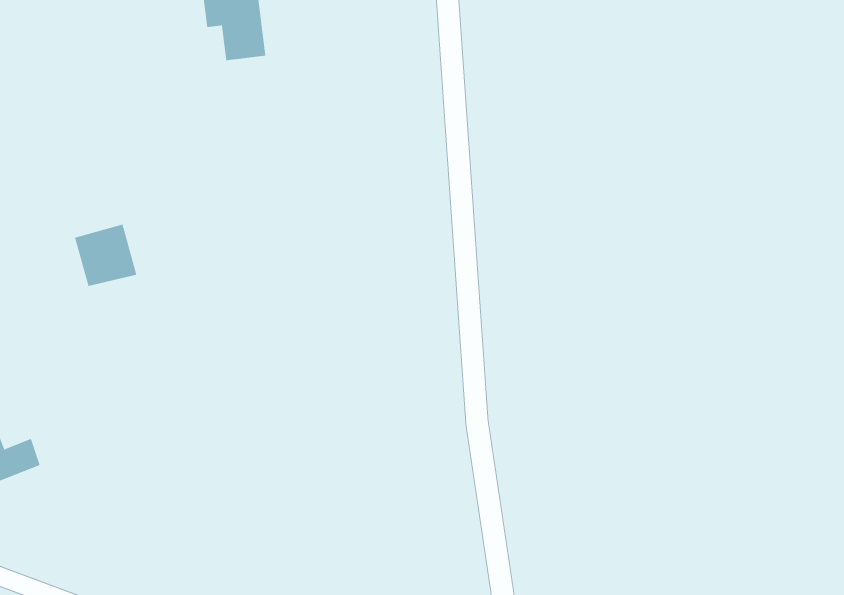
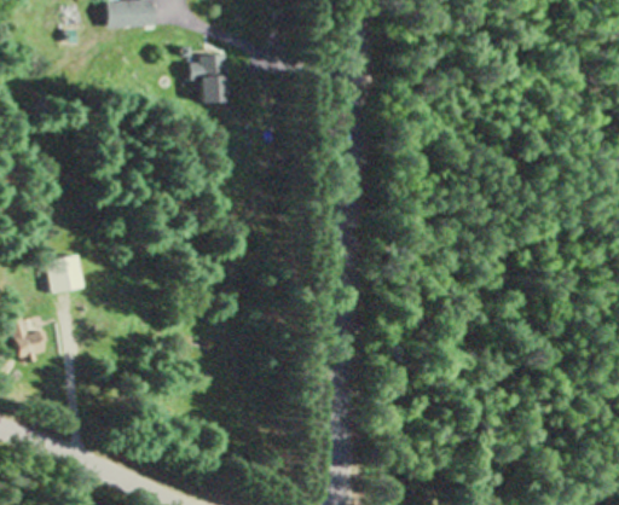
building: [74,224,137,287] -> [47,255,85,292]

